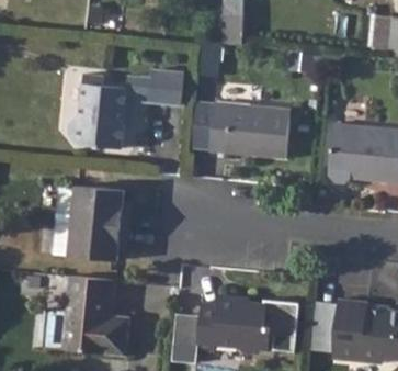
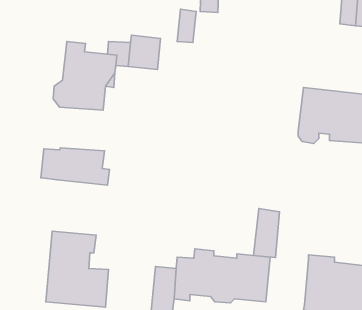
building: [209,103,288,158] -> none
building: [54,220,126,260] -> none
building: [310,302,338,353] -> [254,209,280,258]

